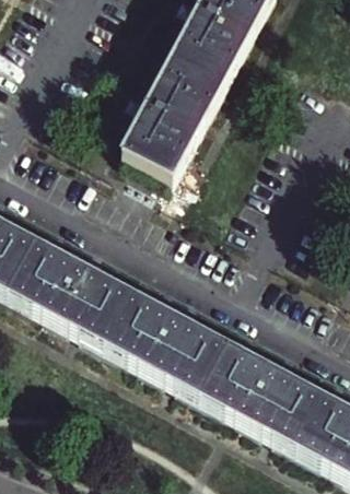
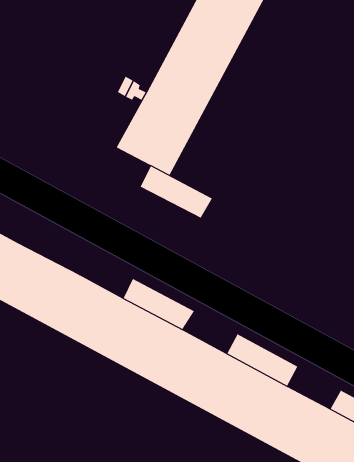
building: [28,228,96,278] -> [140,166,213,219]

